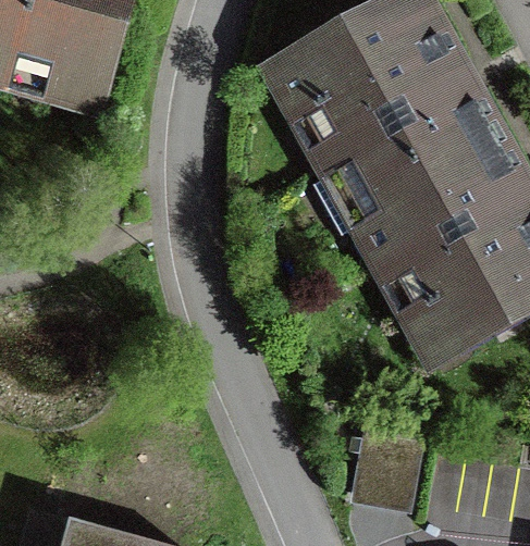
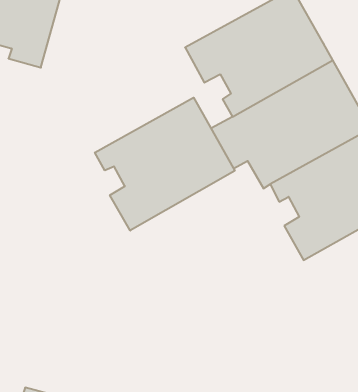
building: none -> [95,98,235,231]
building: [354,432,423,505] -> none

